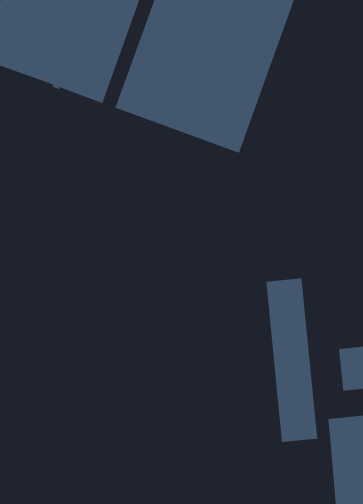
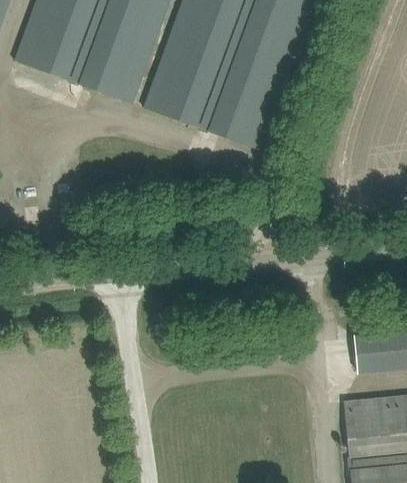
building: [266,278,318,443] -> none

